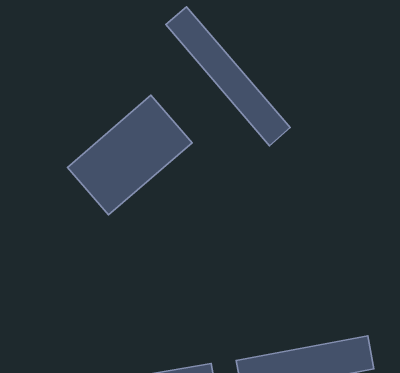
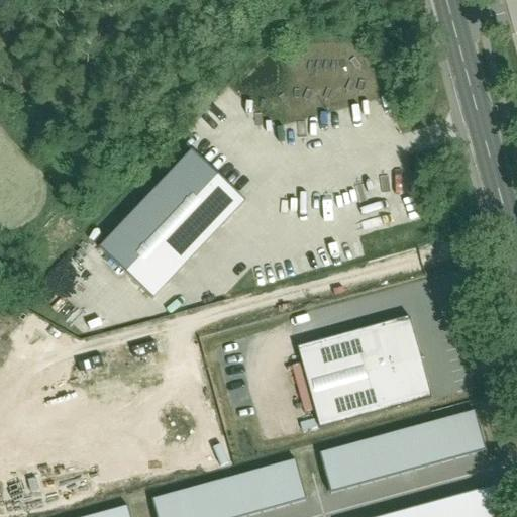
building: [166,7,290,146] -> none
building: none -> [298,317,431,427]

